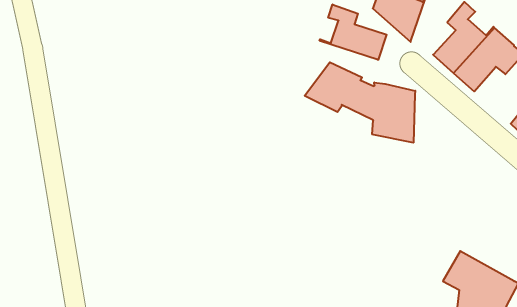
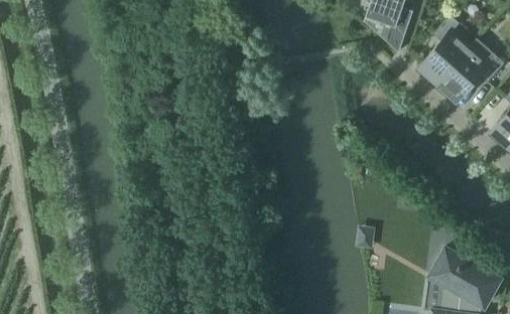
building: [320,4,387,60] -> none
building: [305,62,415,143] -> none

